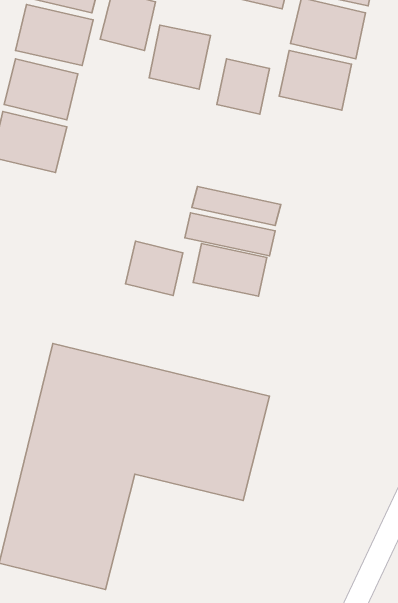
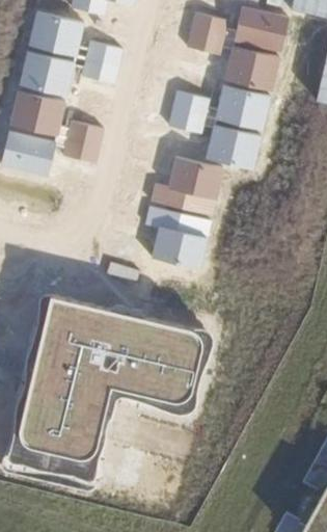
building: [149,25,210,89] -> none
building: none -> [62,117,105,161]
building: none -> [206,125,260,166]
building: none -> [168,154,224,196]
building: [125,241,183,295] -> none

